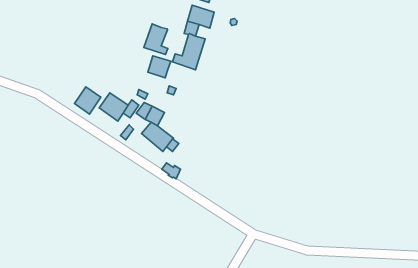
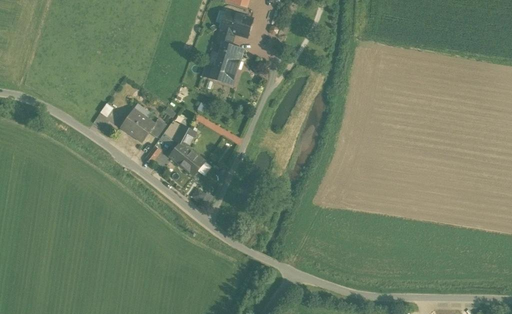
building: [144,24,168,55] -> none
building: [148,56,171,78] -> none

